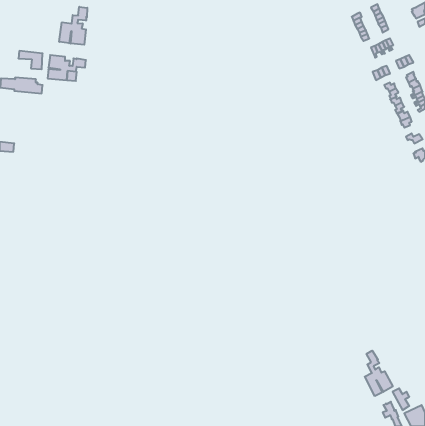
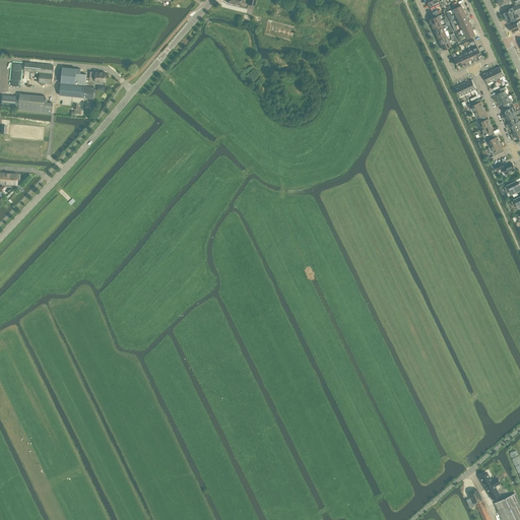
building: [59,7,87,45] -> none
building: [365,351,393,396] -> none

